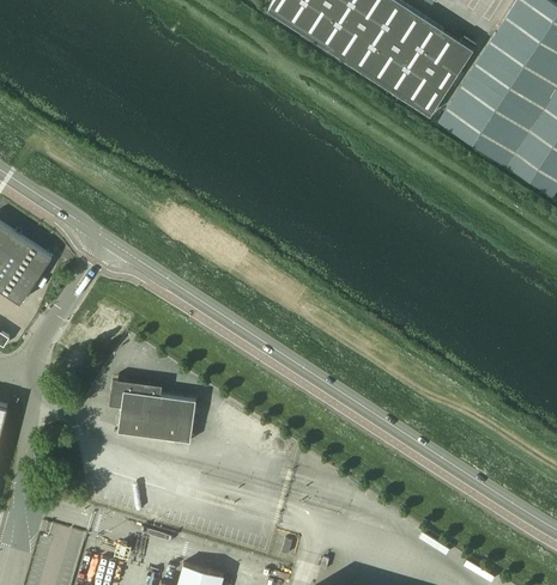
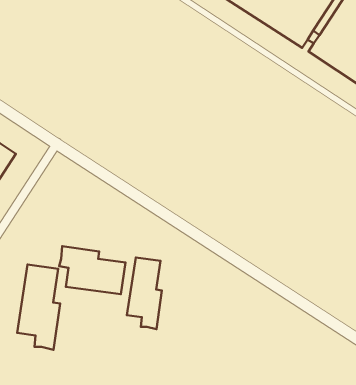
building: none -> [127,257,162,329]
building: none -> [17,264,60,350]

